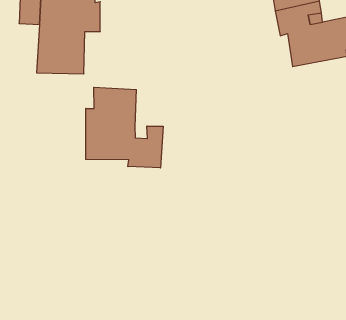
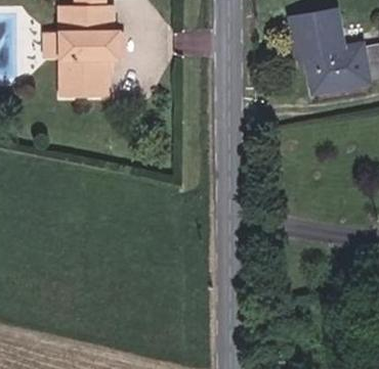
building: [86,87,163,168] -> none

